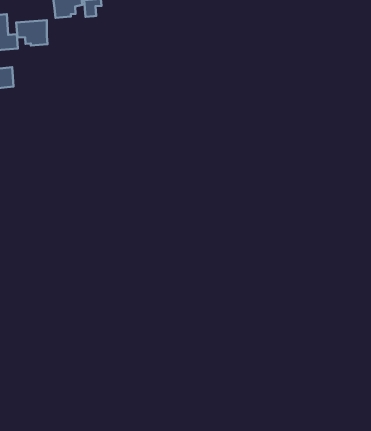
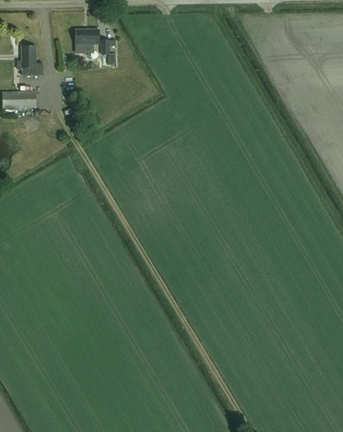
building: [16,20,48,45] -> none

